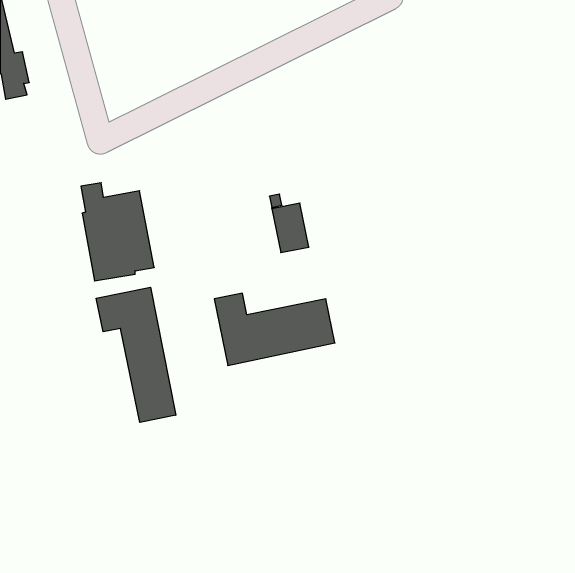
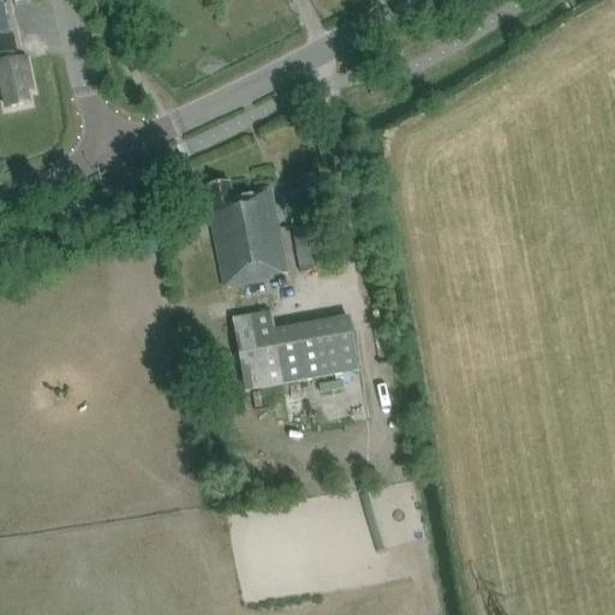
building: [81,183,154,281] -> [208,179,286,283]
building: [96,287,176,422] -> none

